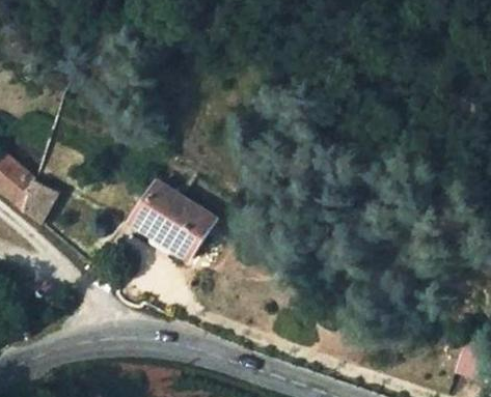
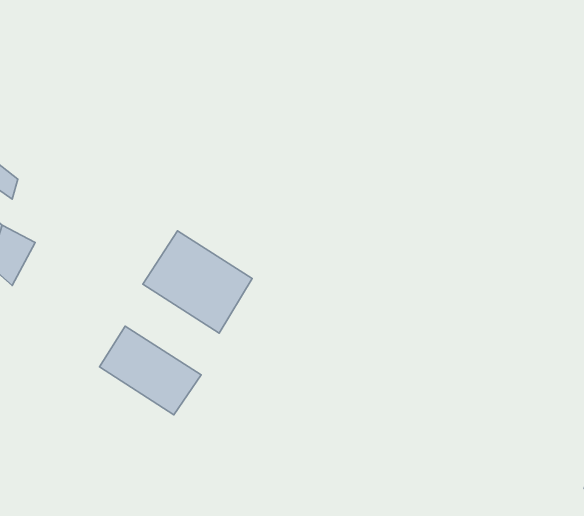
building: none -> [99,326,201,415]

